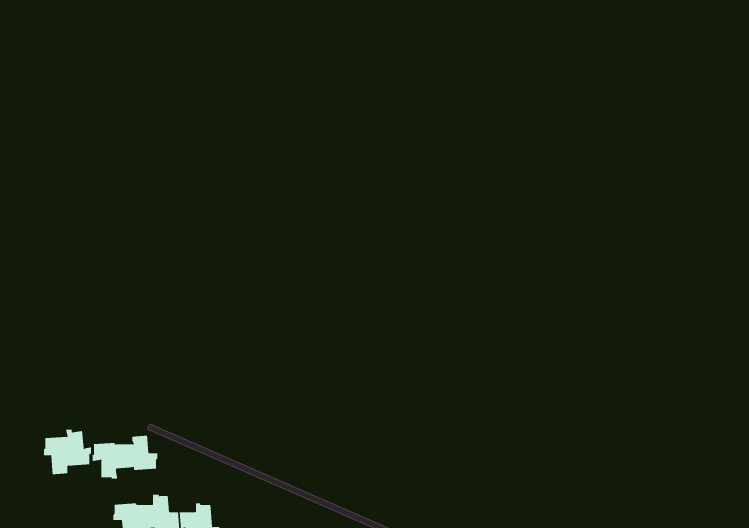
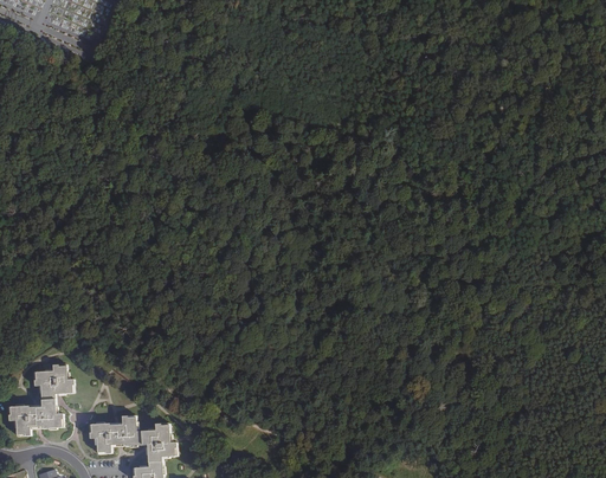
building: [92,435,158,479] -> [11,400,64,435]

